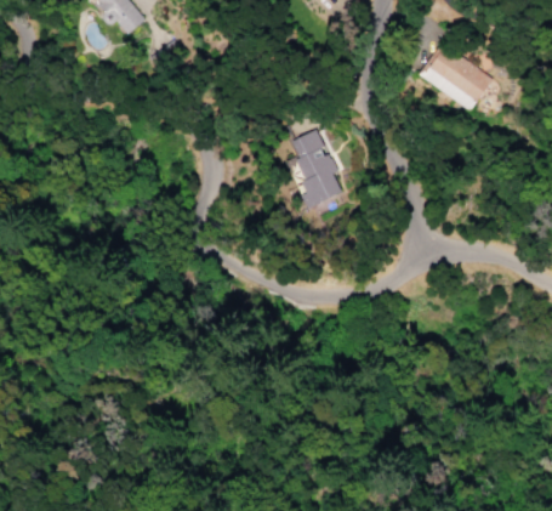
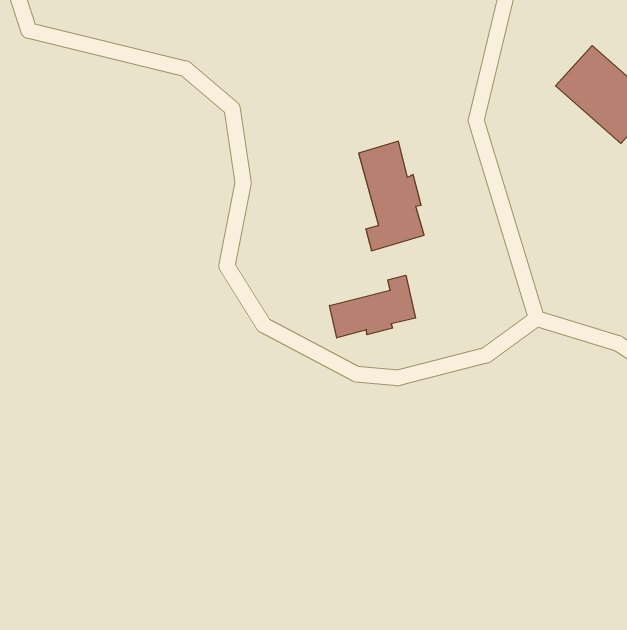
building: none -> [330,275,415,338]

